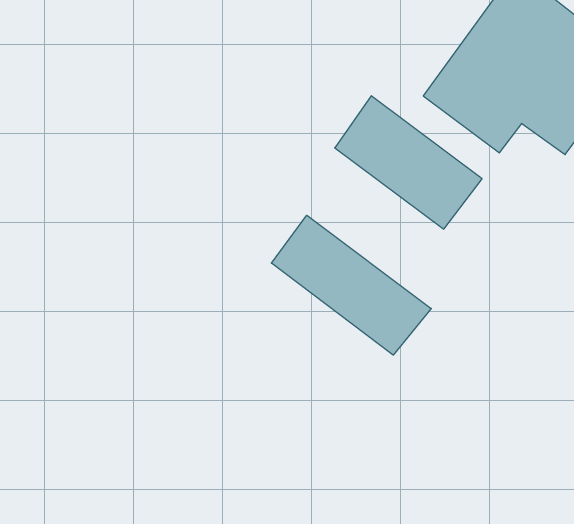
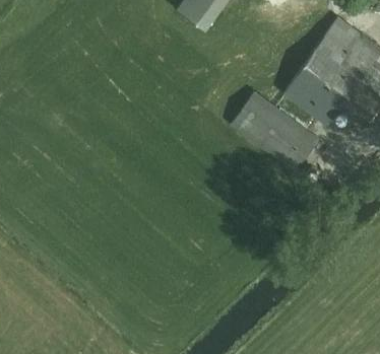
building: [271,215,431,355] -> none

